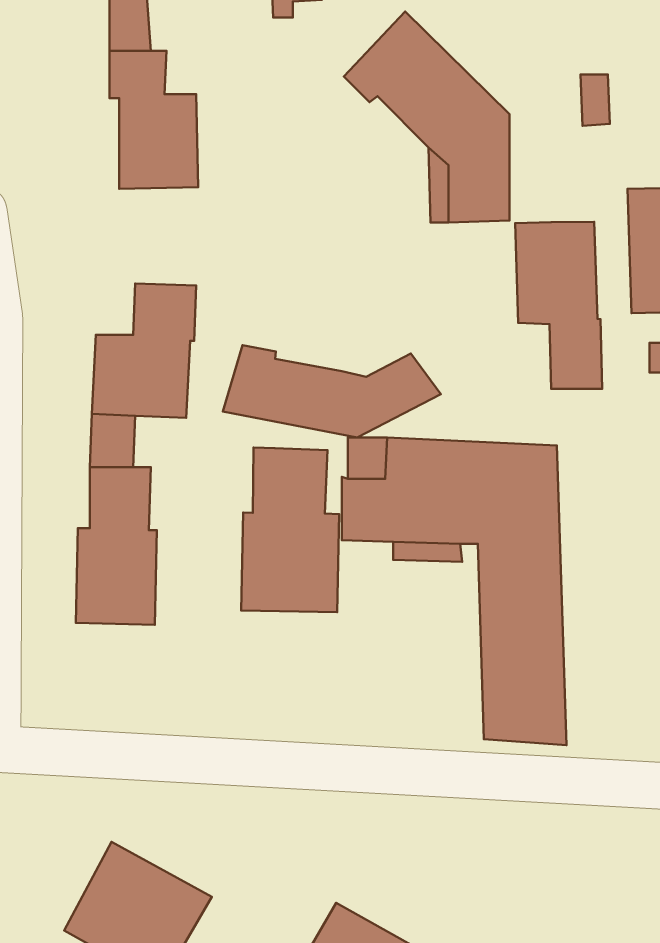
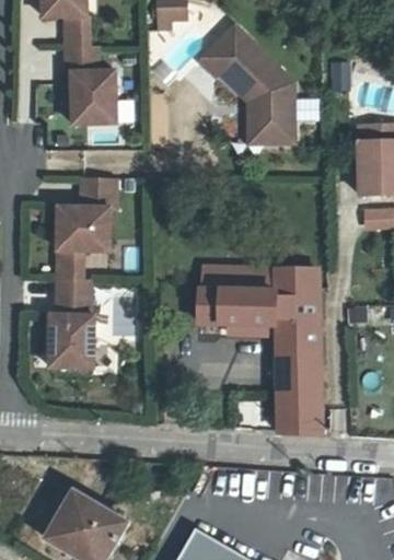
building: [515,222,602,389] -> none
building: [223,345,441,437] -> none
building: [241,447,339,612] -> none

